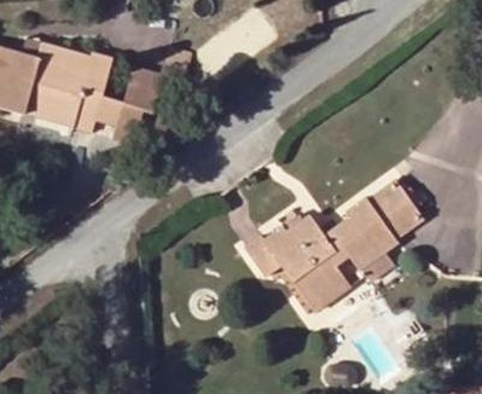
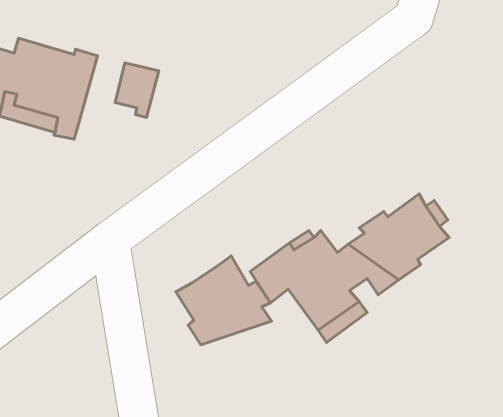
building: [93,94,145,132] -> none
building: none -> [176,256,272,345]

